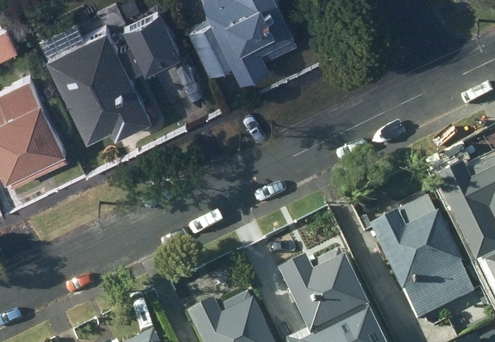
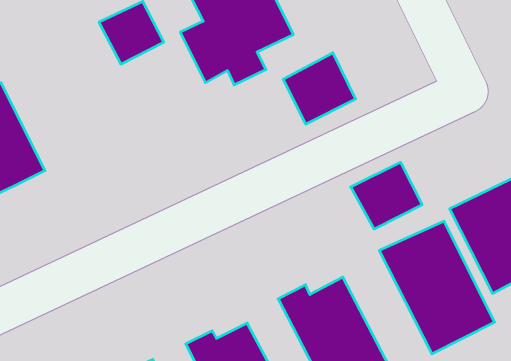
building: [44,27,151,141] -> none
building: none -> [283,53,355,124]
building: none -> [351,162,422,229]

